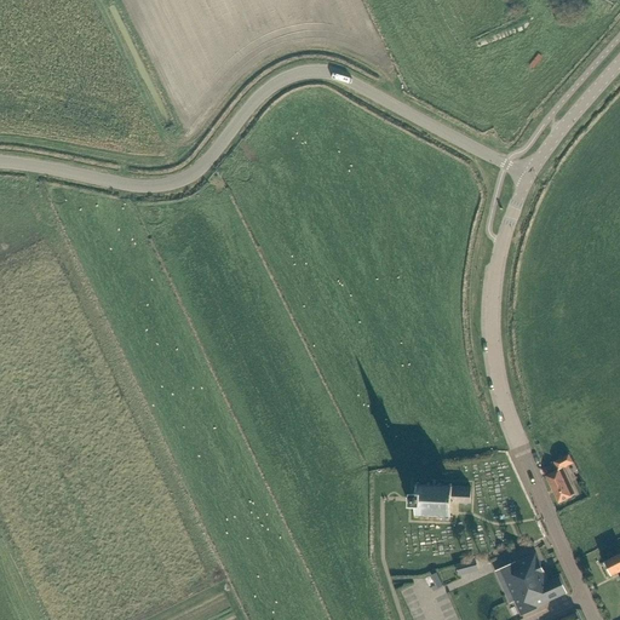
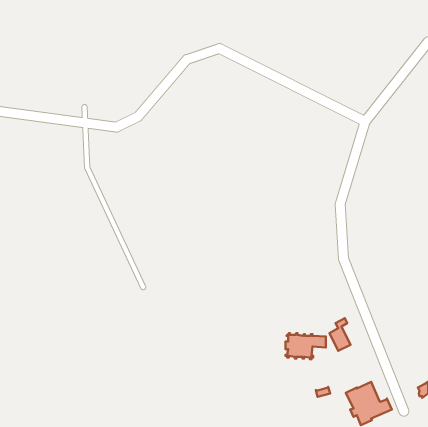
building: [546,454,576,501] -> [330,318,351,351]

